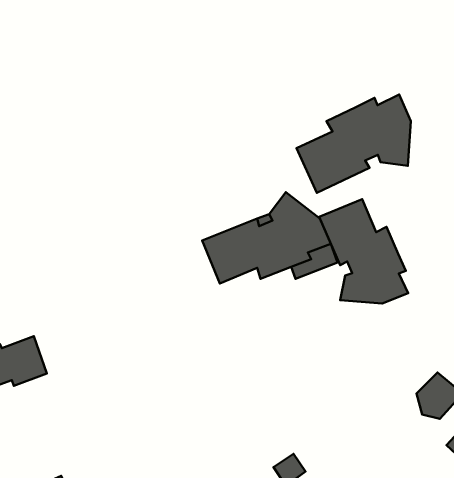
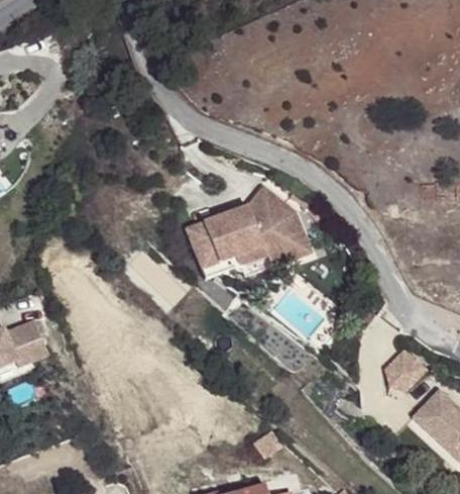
building: [296,94,411,193] -> none
building: [319,199,408,304] -> none

